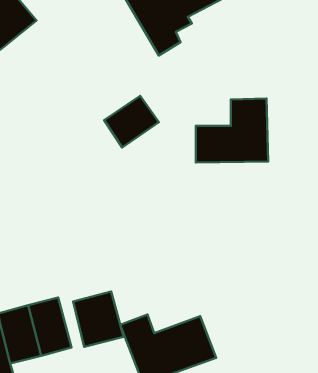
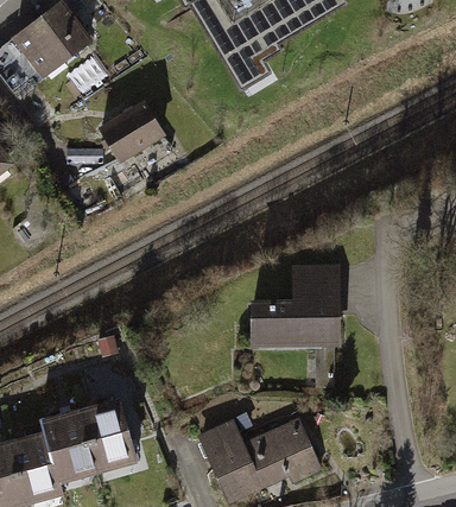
building: [104,96,159,148] -> [95,102,164,167]
building: [196,98,268,162] -> [247,271,338,351]
building: [73,291,123,347] -> none

